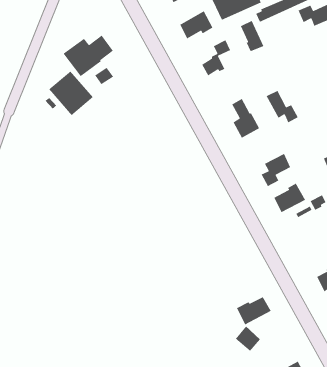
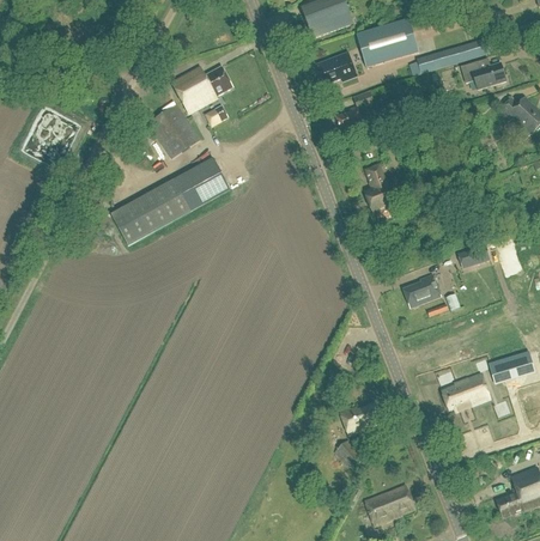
building: [240,20,264,52] -> none
building: [266,90,299,123] -> none
building: none -> [110,157,230,245]
building: [261,153,291,187] -> none

